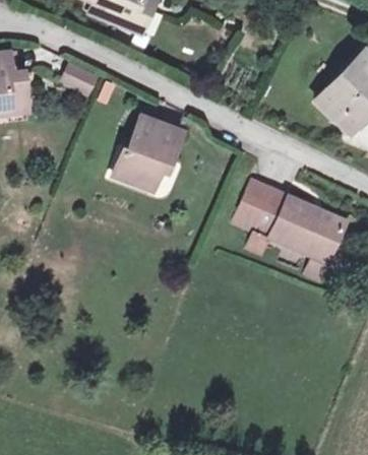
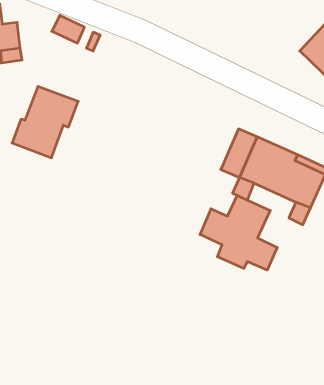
building: [114,116,182,189] -> [12,87,78,158]
building: none -> [200,196,277,270]

